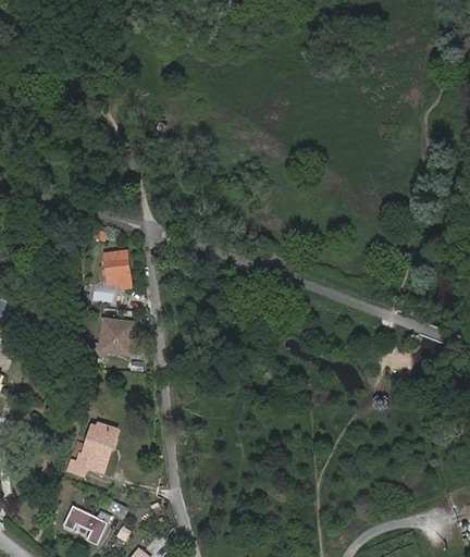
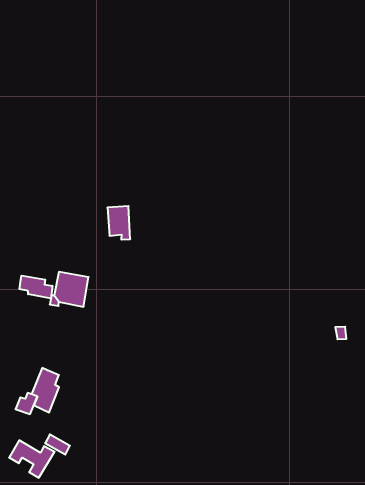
building: [102,250,129,287] -> [107,206,130,240]
building: none -> [19,276,52,299]

